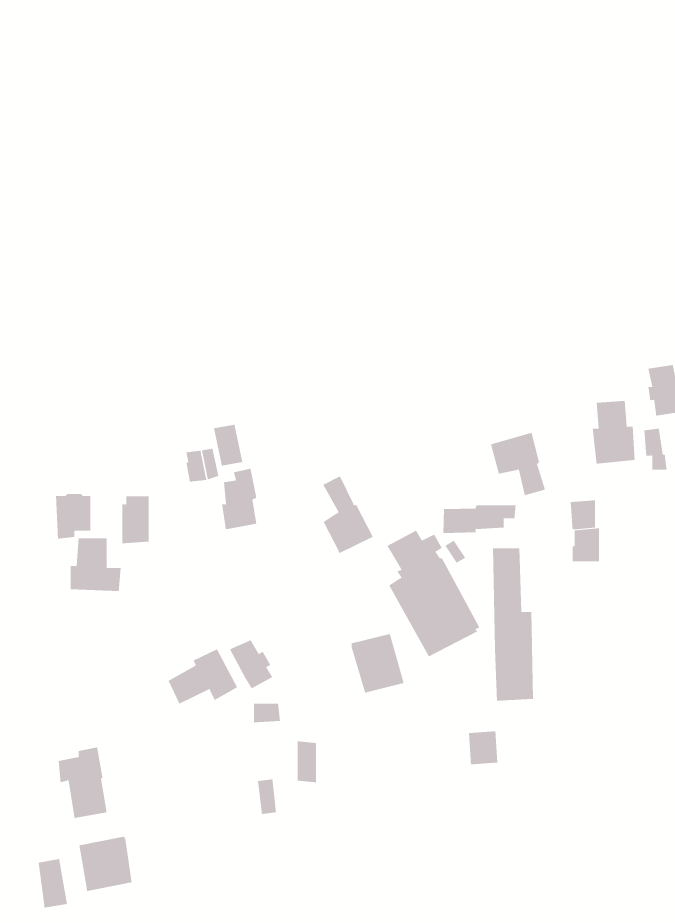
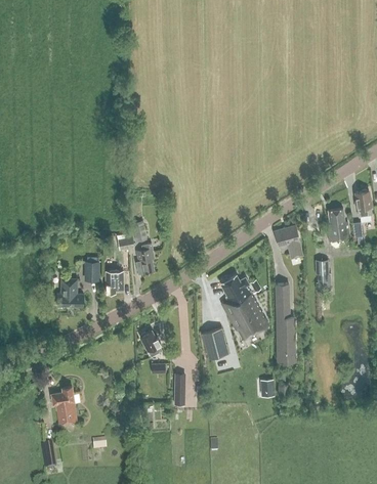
building: [323,475,374,554] -> none
building: [55,493,91,539] -> [104,269,123,293]
building: [443,504,516,534] -> none
building: [168,648,238,705] -> none
building: [79,836,132,892] -> none

